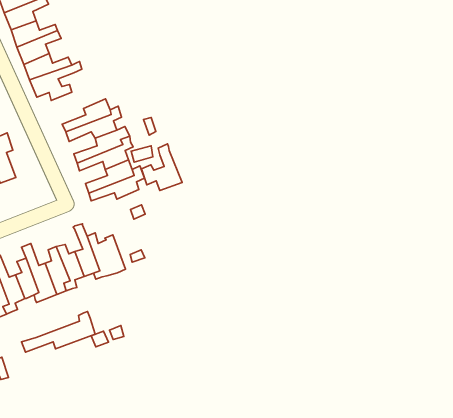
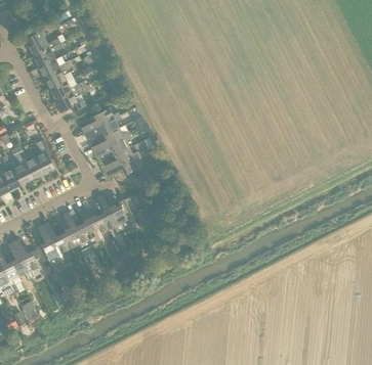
building: [141,144,182,190] -> none
building: [22,311,95,352] -> none

